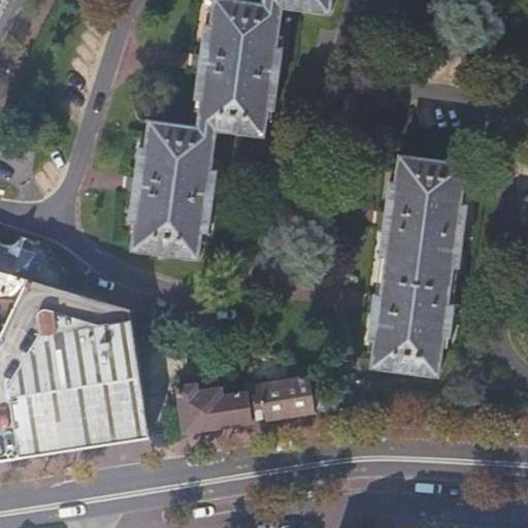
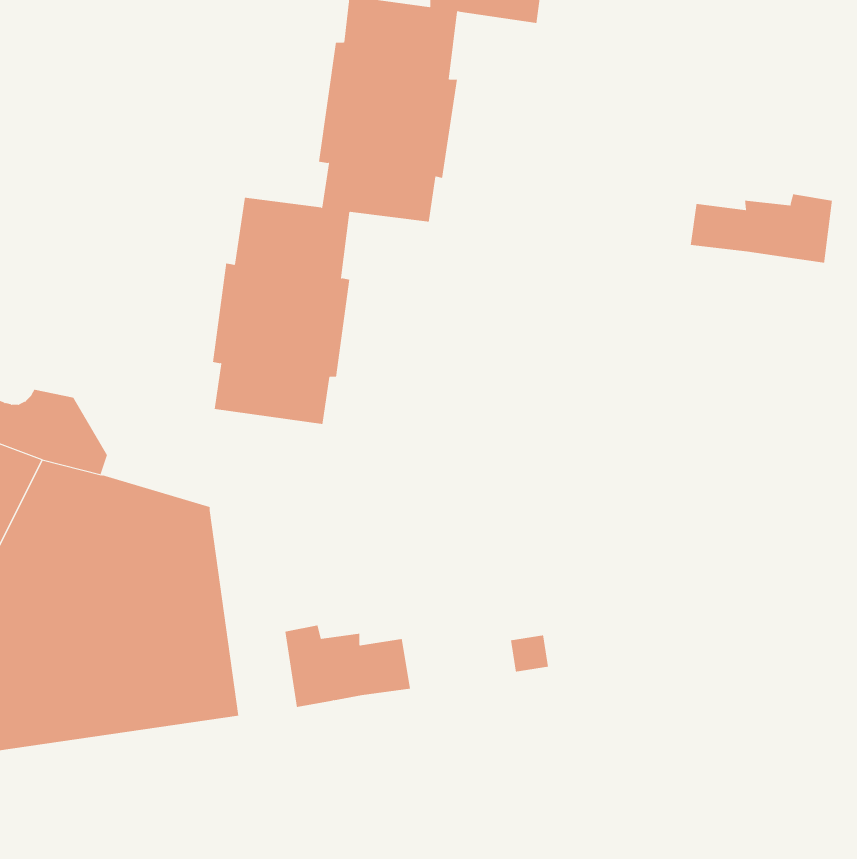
building: none -> [690,194,832,264]
building: [367,155,465,376] -> none
building: [246,360,312,422] -> none

